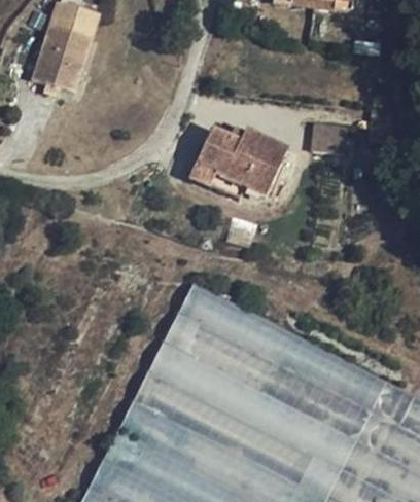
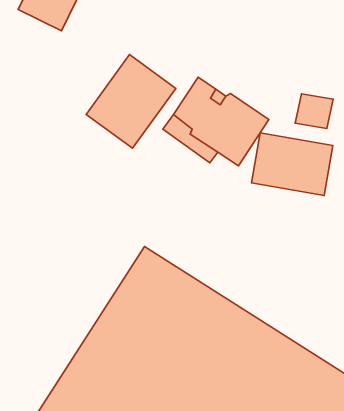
building: none -> [86,55,176,148]
building: none -> [252,133,333,195]

